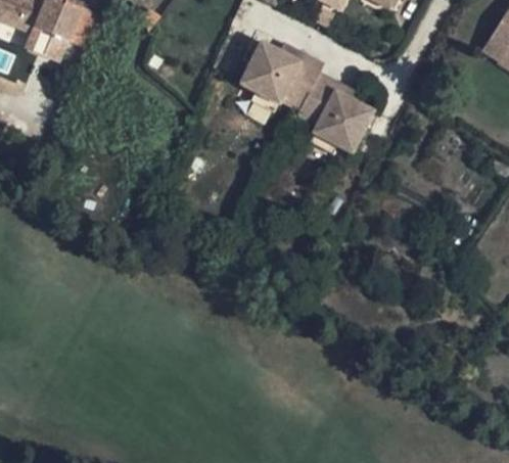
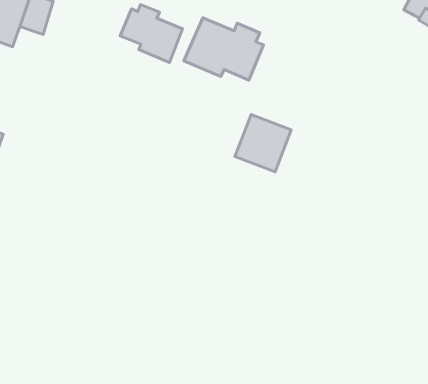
building: none -> [120,5,183,62]
building: [313,92,375,155] -> [235,114,291,172]

